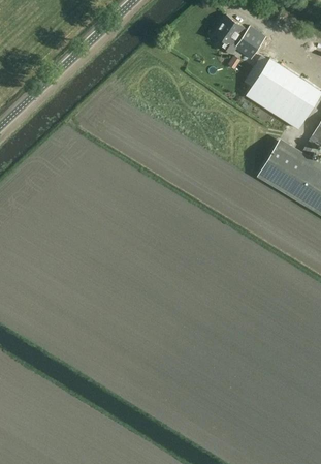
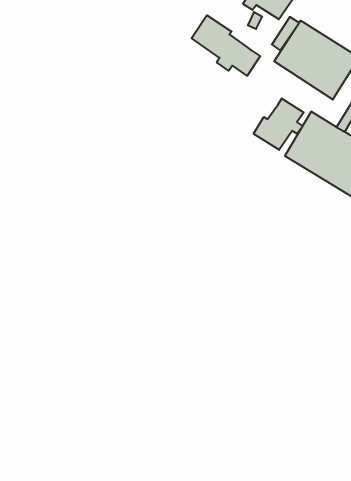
building: none -> [192,15,260,76]
building: none -> [254,98,304,150]

